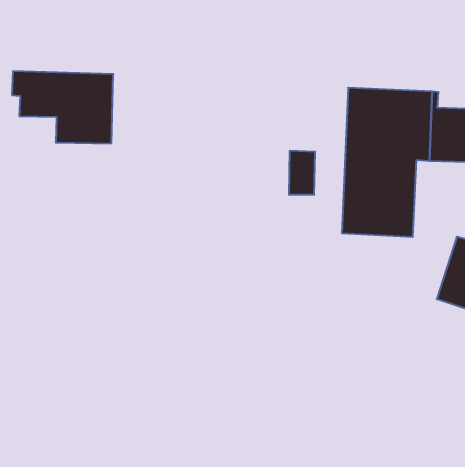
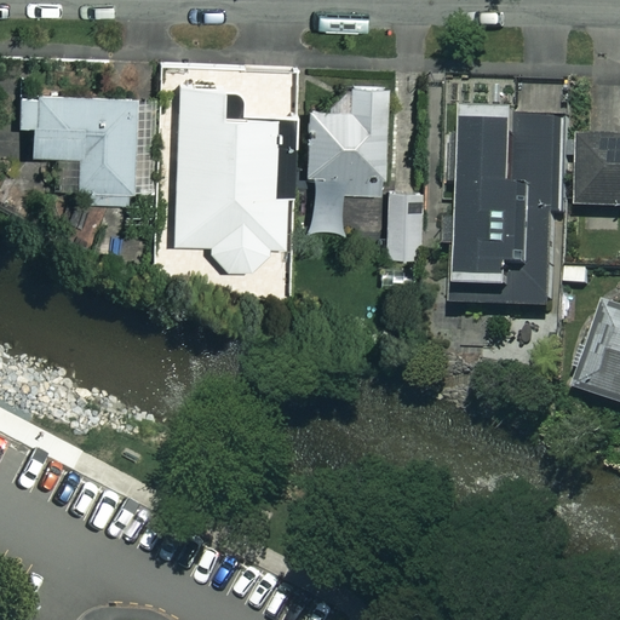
building: none -> [304,85,384,231]
building: none -> [173,88,287,268]

